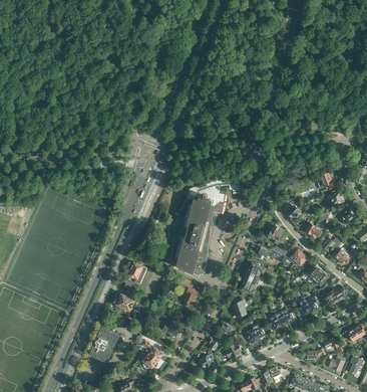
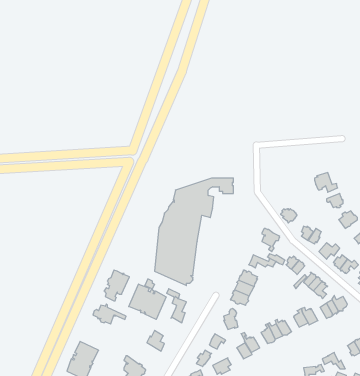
building: none -> [129,284,166,319]

